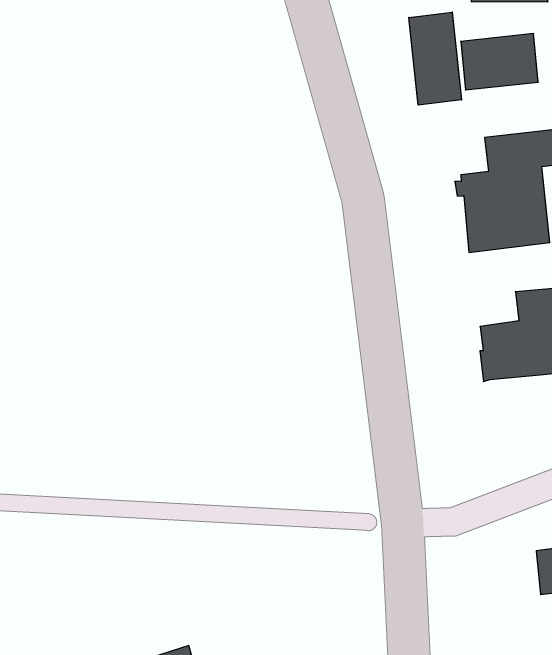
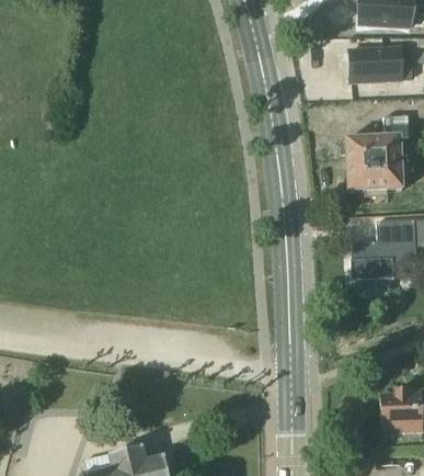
building: [409,12,462,105] -> none

